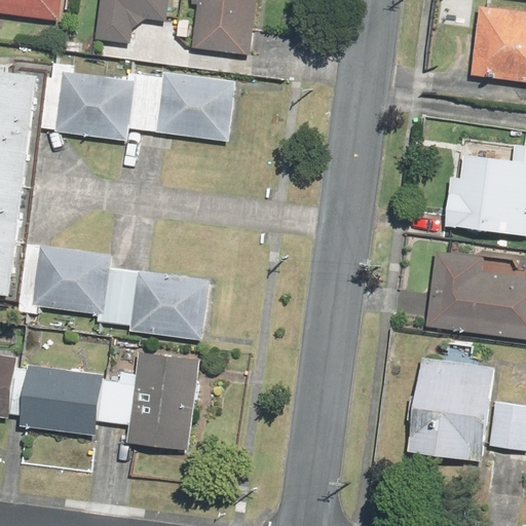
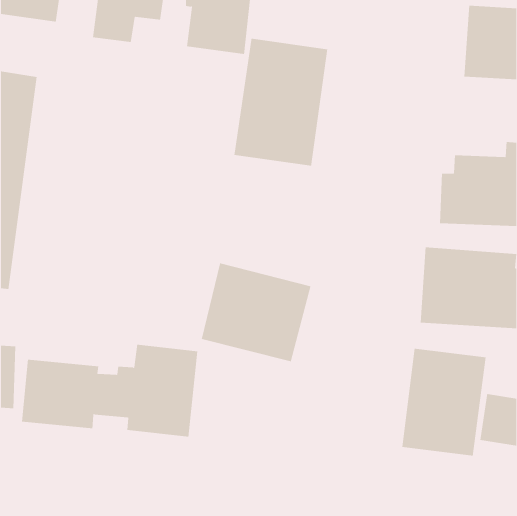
building: none -> [234,38,328,167]
building: [41,50,237,143] -> none
building: [40,249,208,340] -> none
building: none -> [201,263,311,362]

